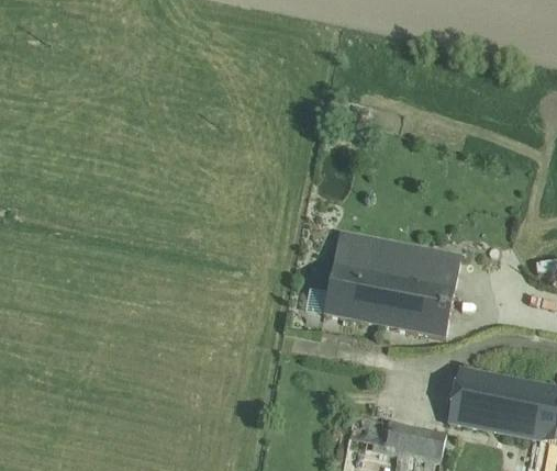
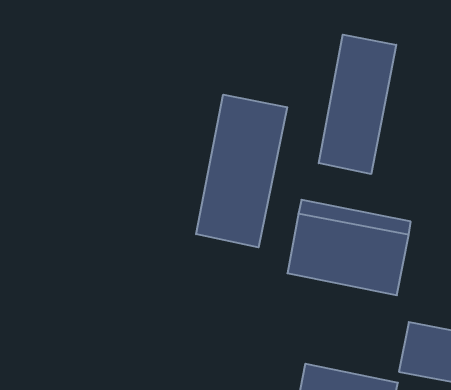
building: none -> [319,35,396,174]
building: none -> [196,95,287,247]

